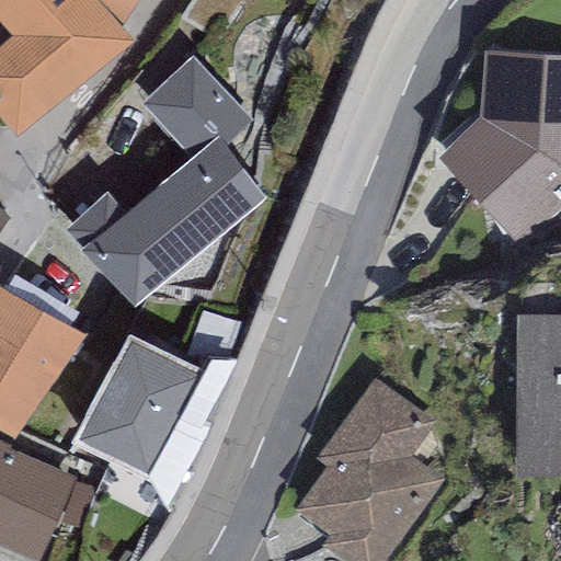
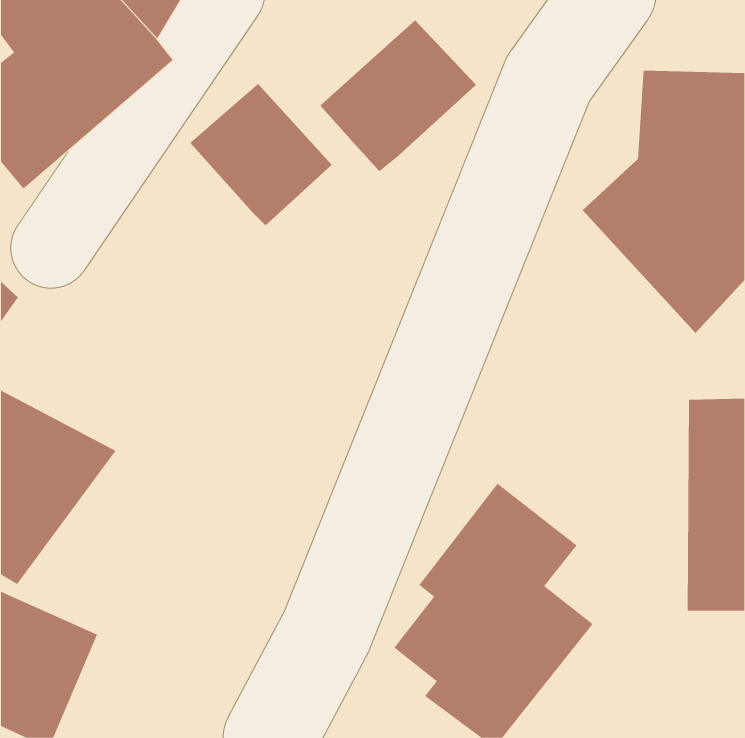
building: none -> [320,19,477,172]
building: [71,149,259,297] -> none
building: [72,341,196,478] -> none

